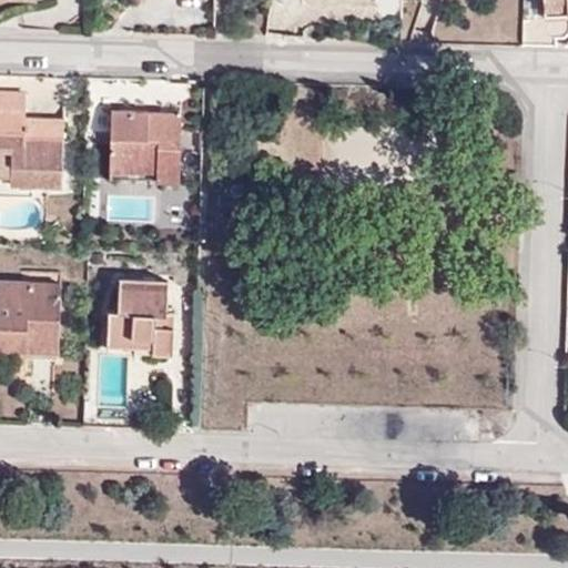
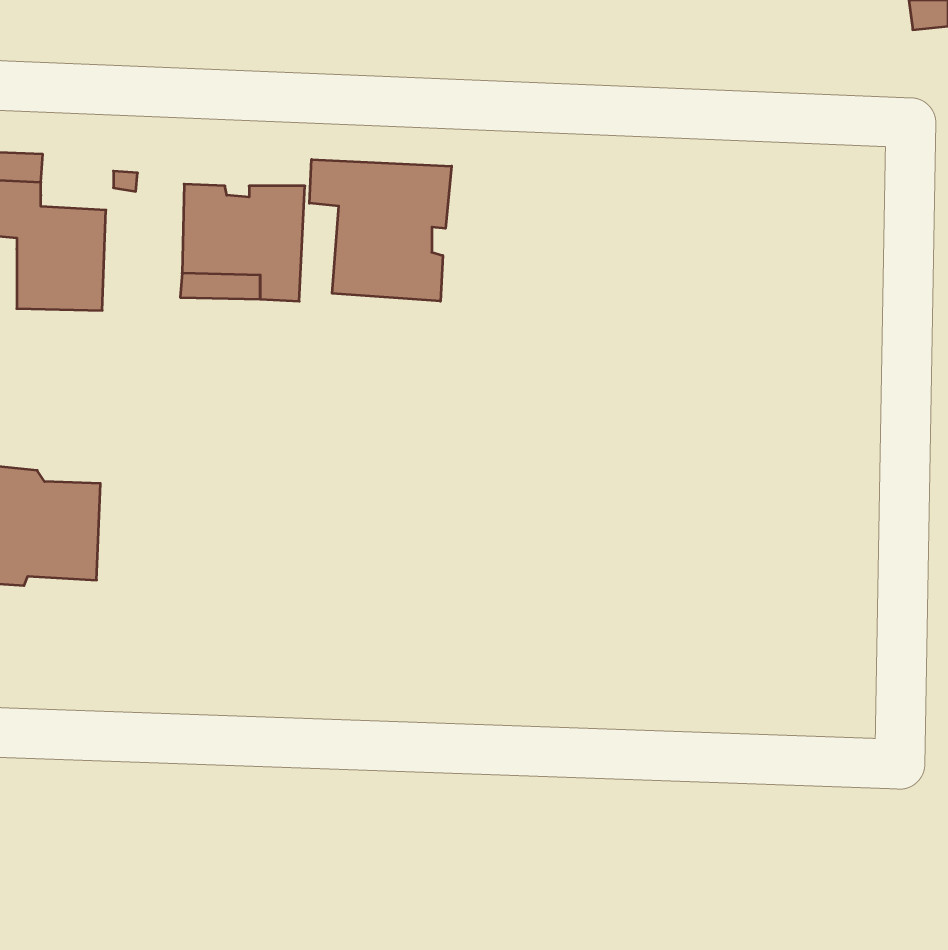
building: none -> [309,159,452,301]
building: [106,278,172,351] -> none

